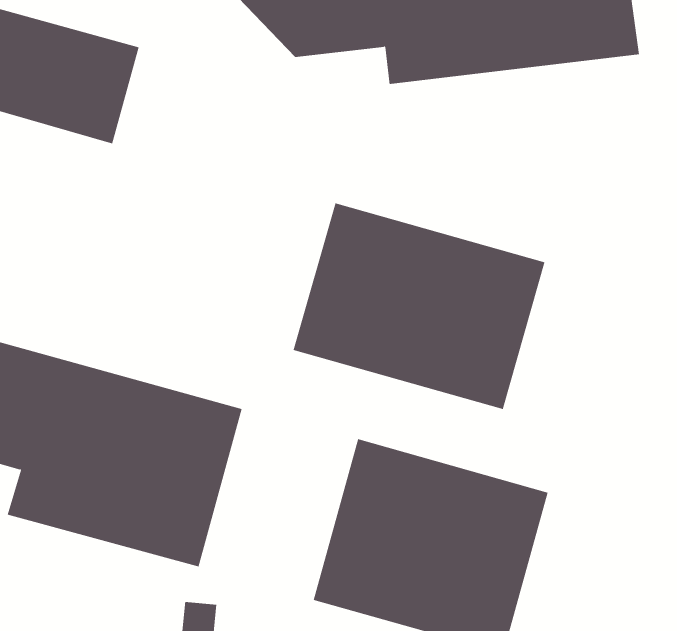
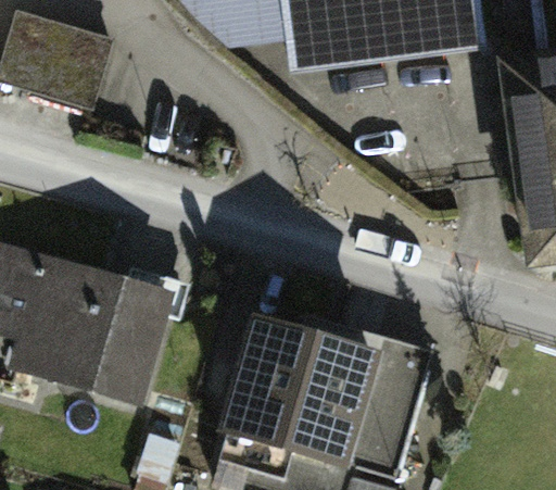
building: [293,203,545,410] -> none

